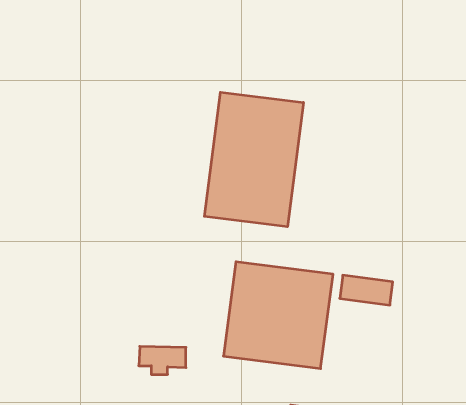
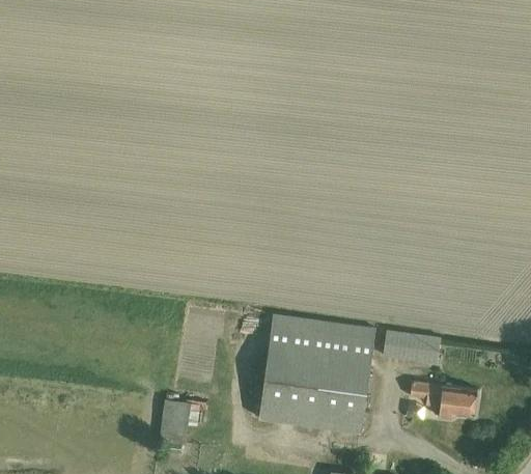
building: [204,92,303,227] -> none
building: none -> [409,381,476,417]

